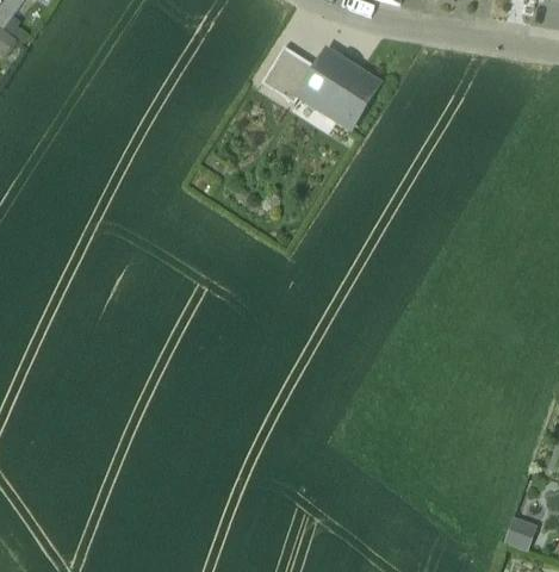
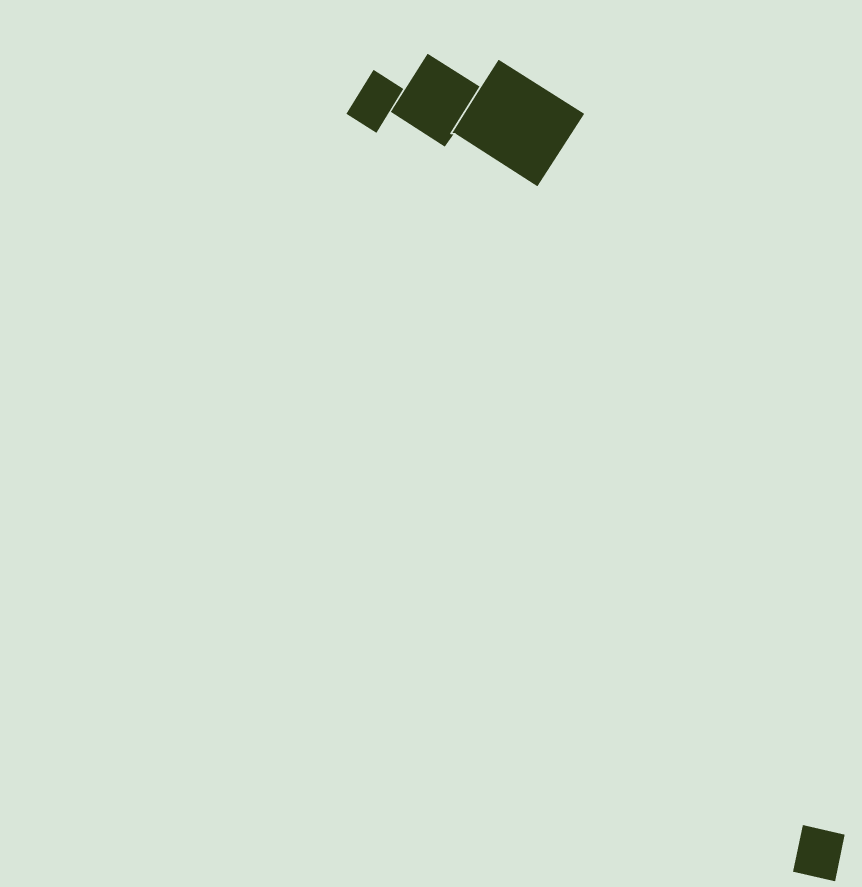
building: none -> [346,69,404,134]

